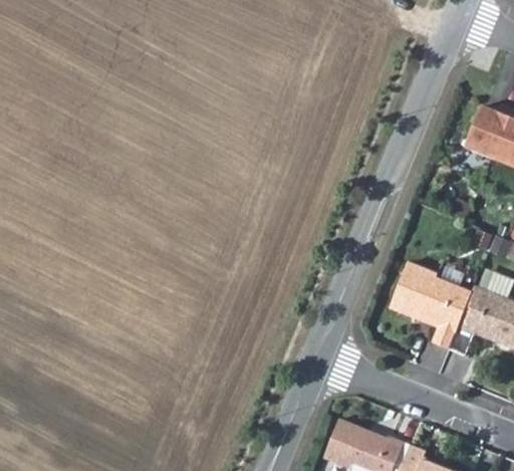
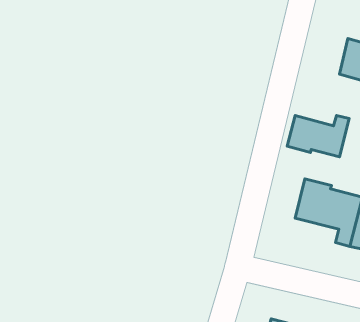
building: none -> [287,115,349,157]

